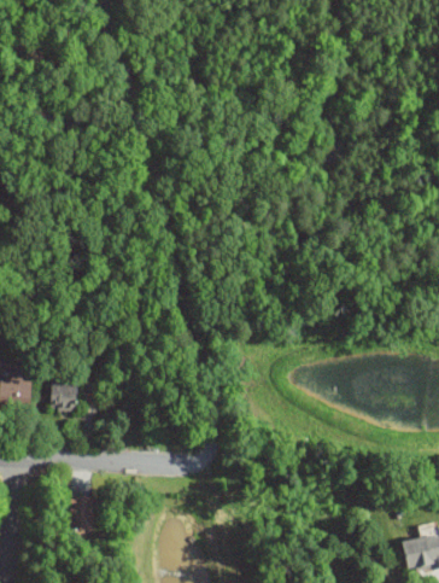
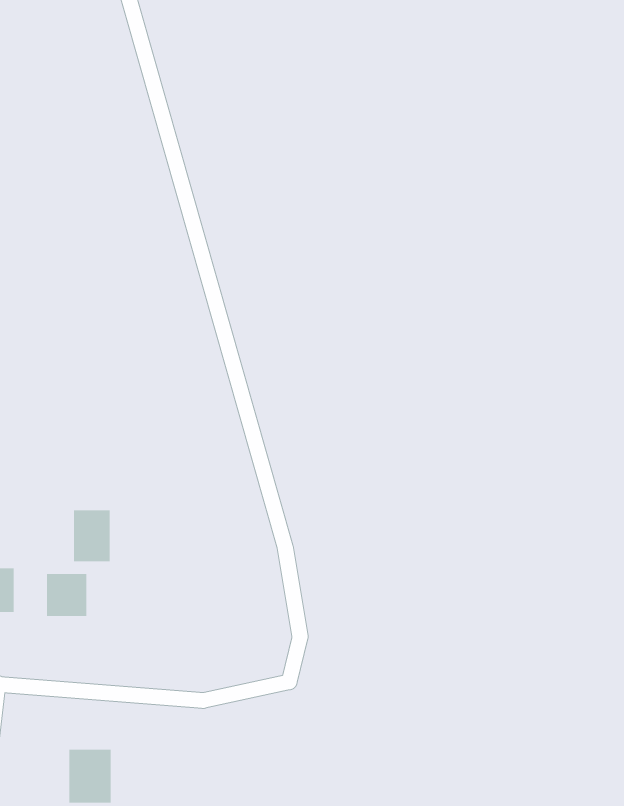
building: none -> [73,510,110,562]

